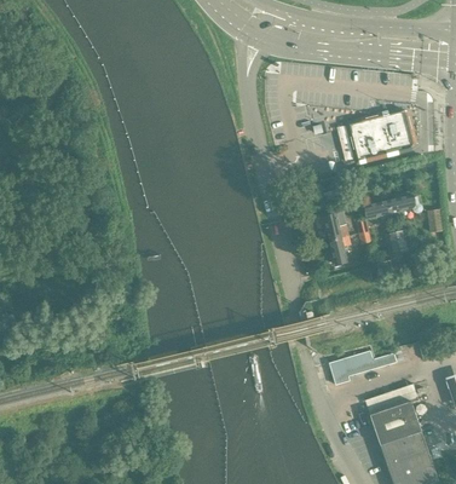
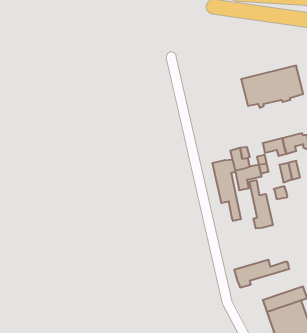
building: none -> [212,159,241,221]
building: none -> [250,180,273,228]

